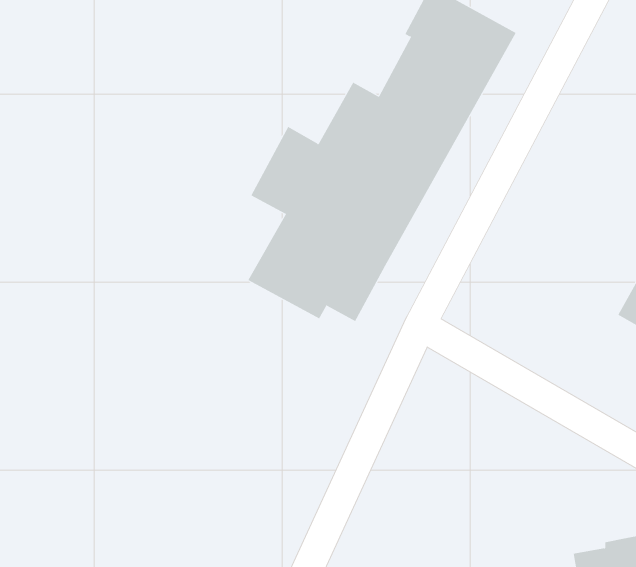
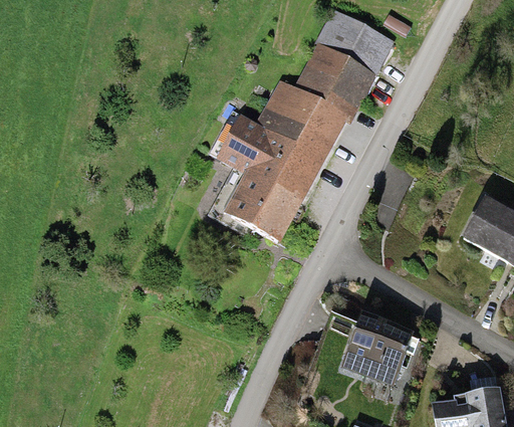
building: none -> [342,313,420,388]

